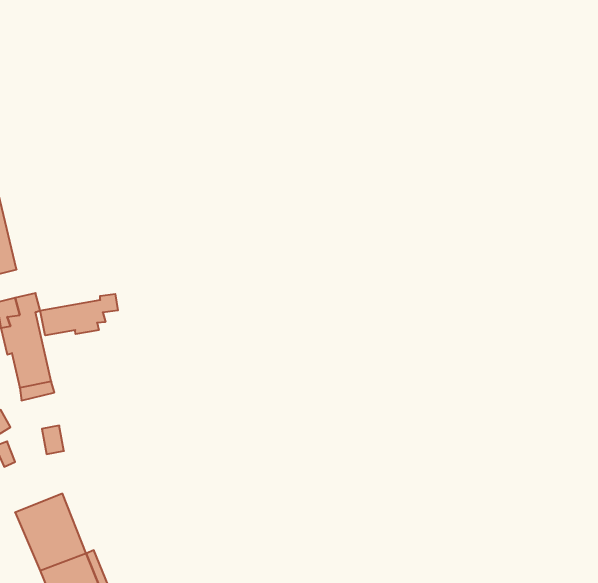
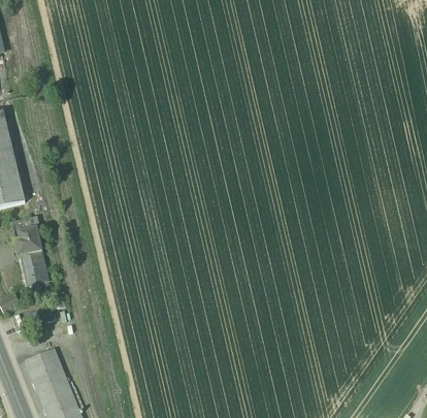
building: [40,294,118,335] -> none

